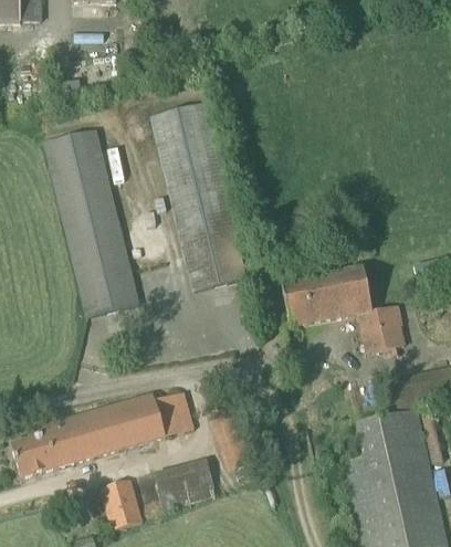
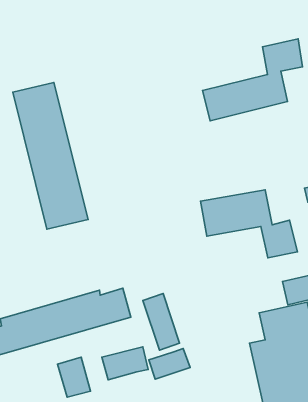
building: none -> [203,39,302,121]
building: [150,103,244,290] -> none
building: none -> [149,348,190,379]

